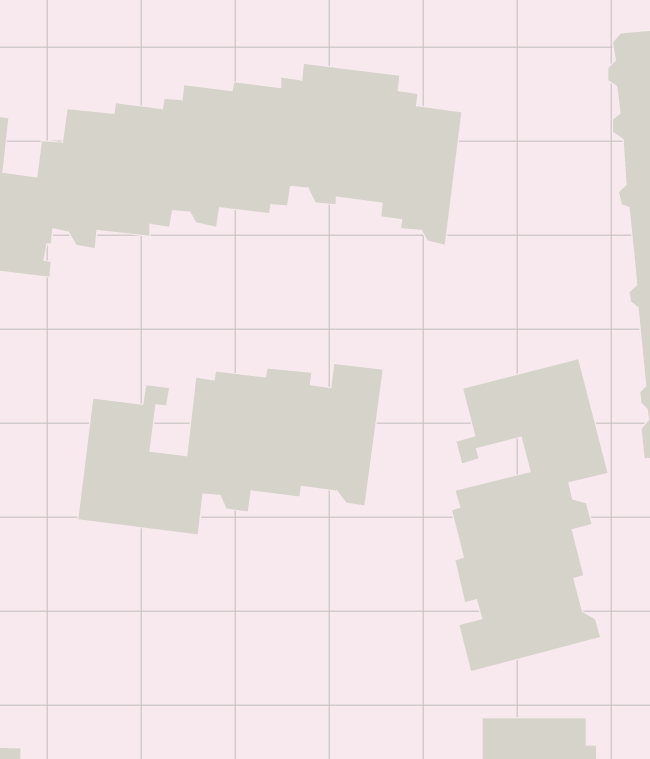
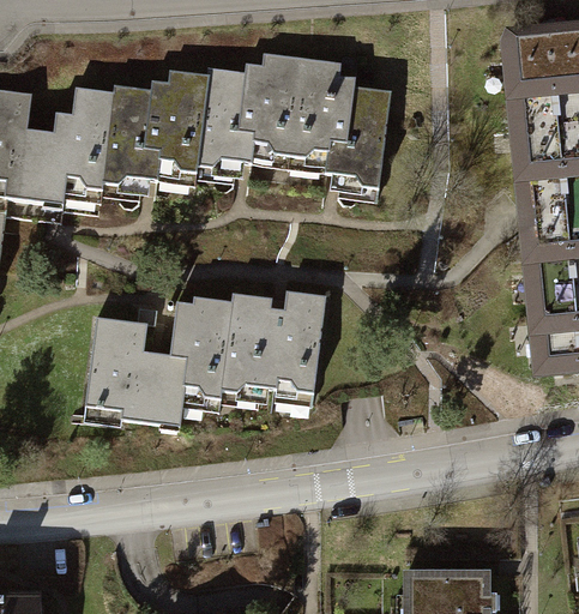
building: [451,359,608,672] -> none

